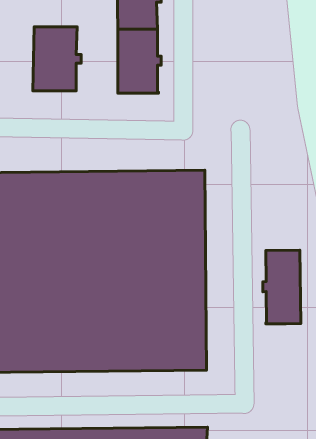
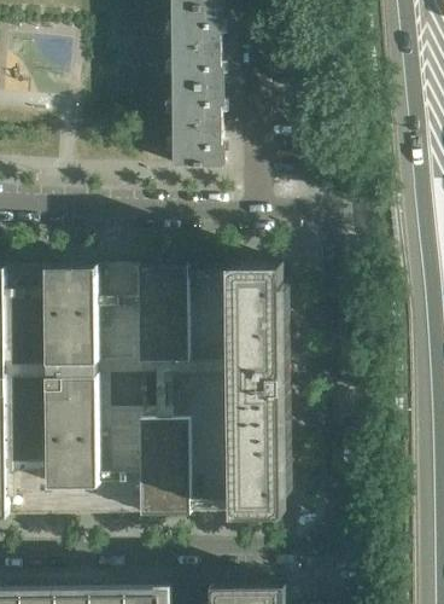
building: [33,27,81,91] -> none
building: [263,250,301,324] -> none

